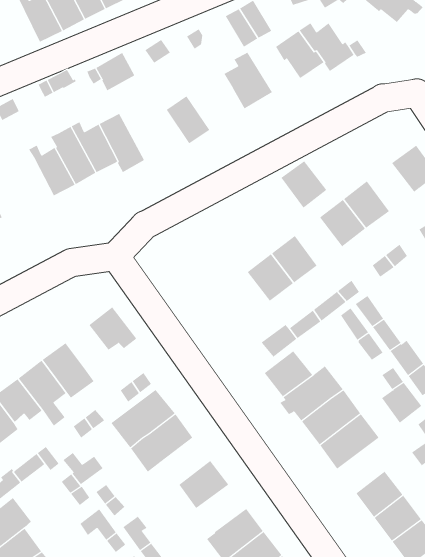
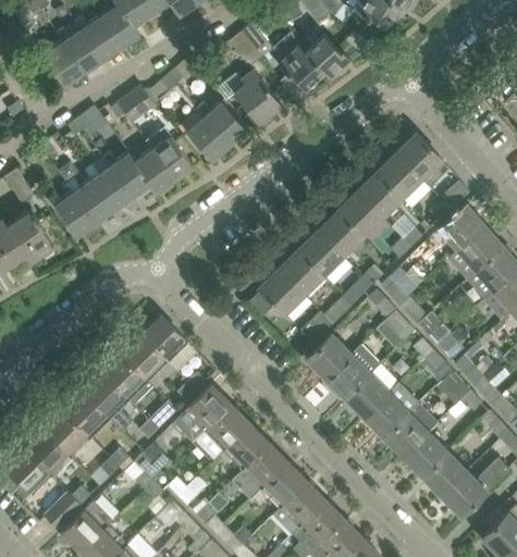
building: none -> [197,102,246,146]
building: none -> [145,127,193,181]
building: none -> [48,193,95,237]
building: [281,160,327,208] -> [318,212,361,256]
building: none -> [377,154,420,198]
building: none -> [258,270,303,313]
building: none -> [123,336,168,375]
building: none -> [223,425,268,470]
building: none -> [383,404,438,457]
building: none -> [260,463,306,508]

